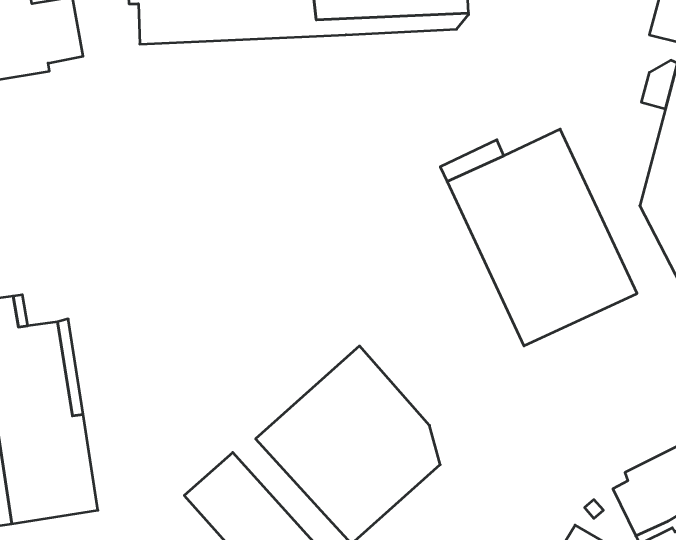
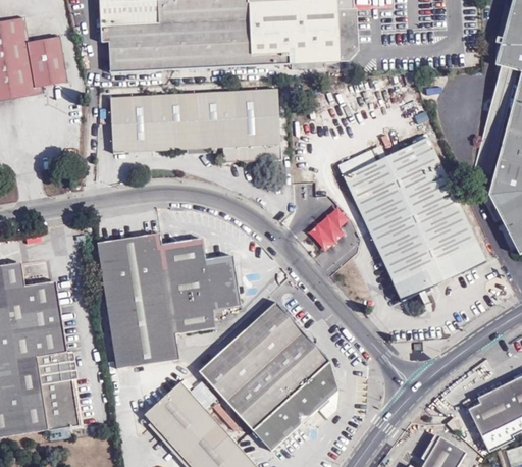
building: none -> [110,89,280,162]
building: none -> [97,234,242,369]

